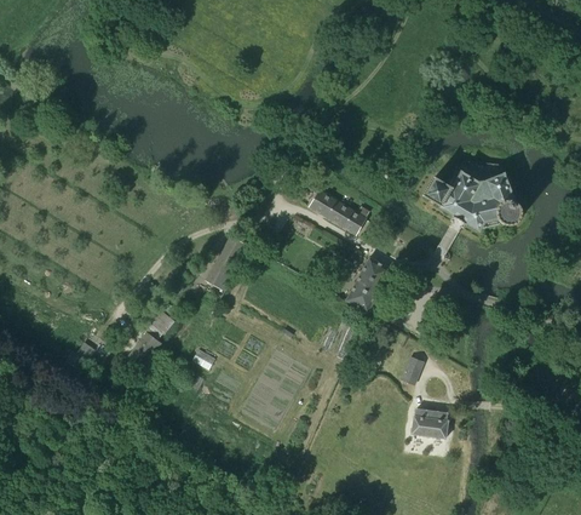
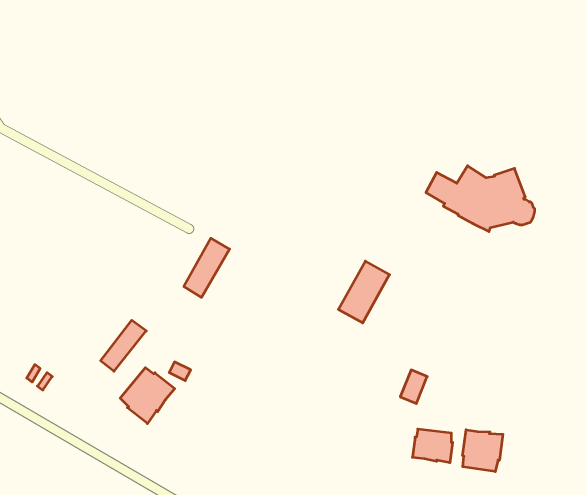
building: [310,189,369,233] -> none
building: none -> [120,368,175,424]
building: none -> [463,430,503,472]

